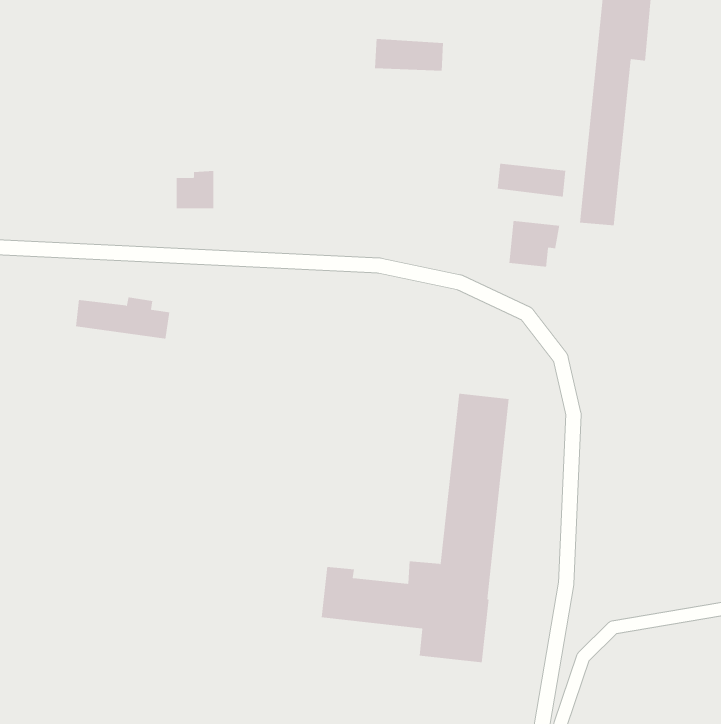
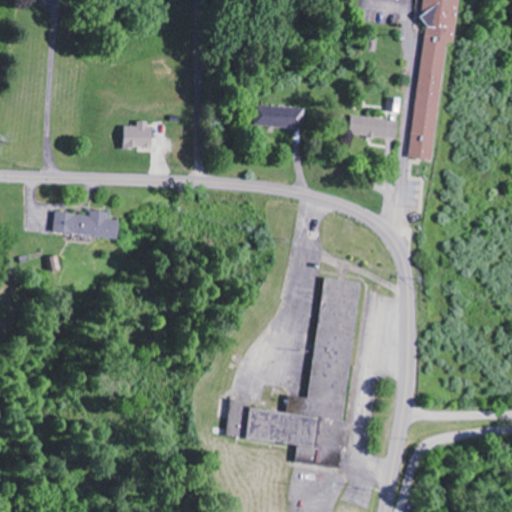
building: [374,39,444,71] -> [253,105,302,128]
building: [509,220,560,268] -> none

